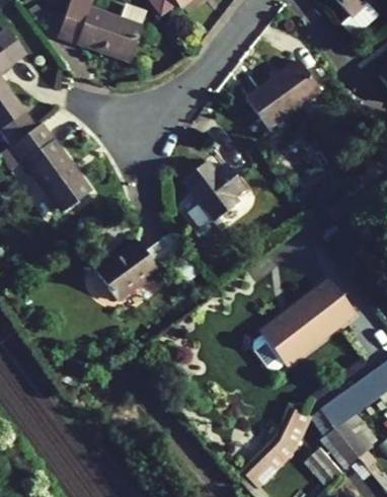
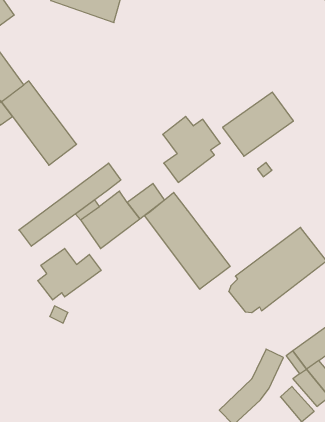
building: [245,61,320,129] -> [223,92,293,156]
building: none -> [19,163,121,246]
building: none -> [144,192,230,289]
building: none -> [38,248,101,300]

